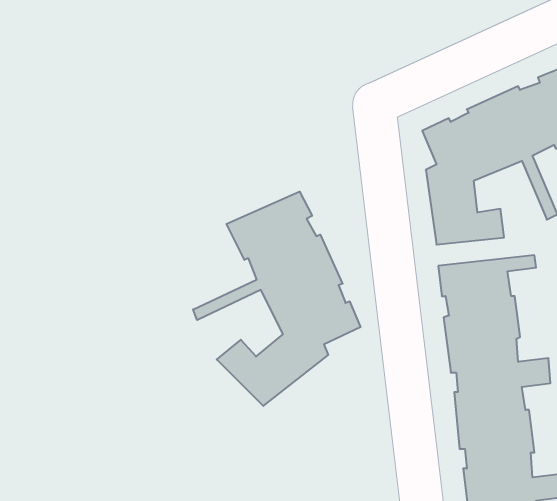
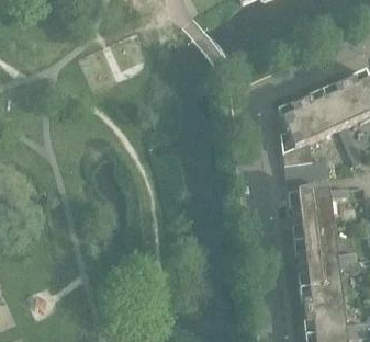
building: [193,192,361,406] -> none

